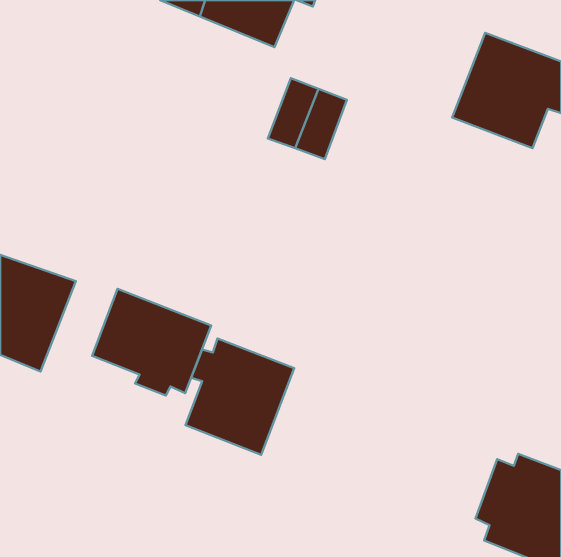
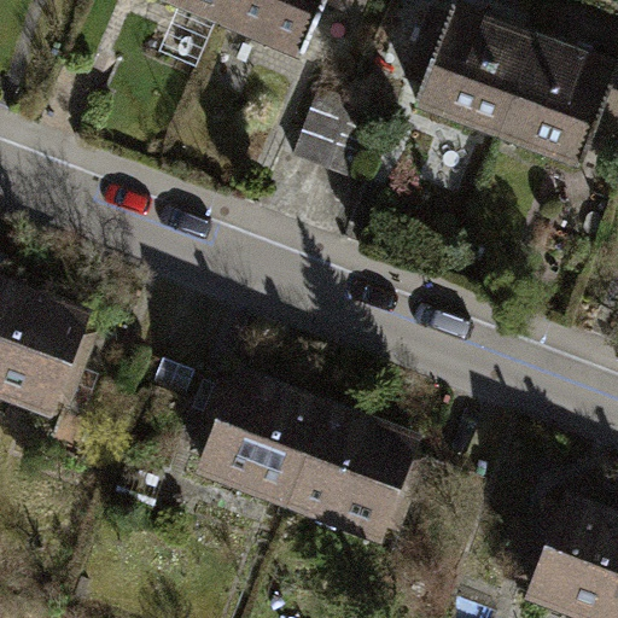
building: none -> [402,10,534,134]
building: [92,289,211,395] -> none
building: none -> [287,409,419,537]

